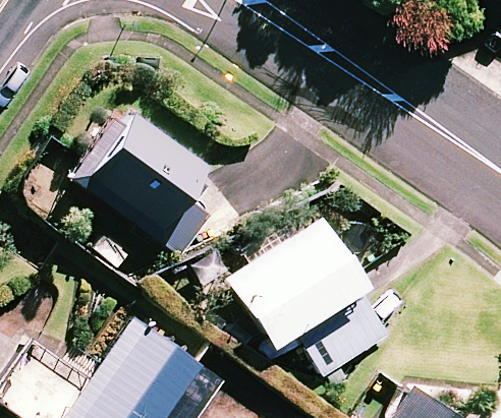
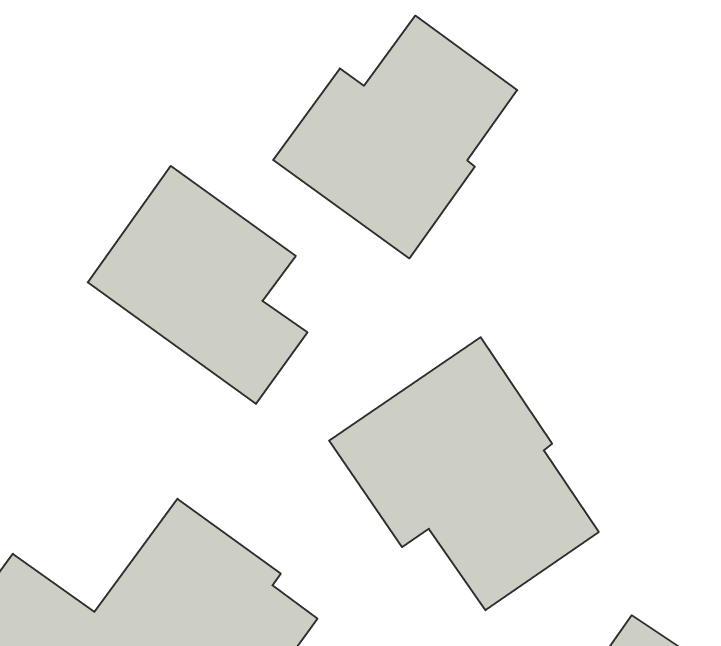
building: none -> [273,16,517,258]

